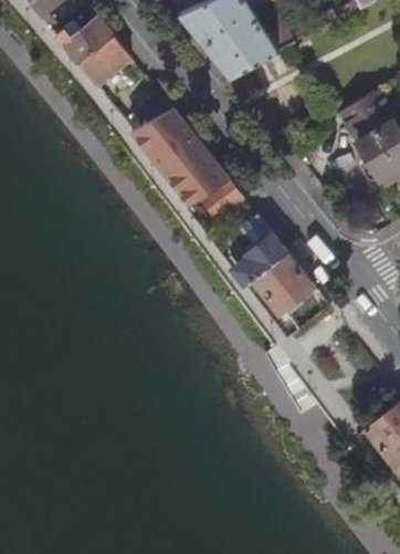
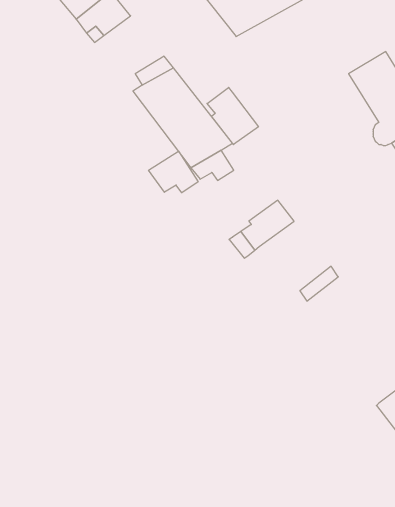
building: none -> [207,87,258,145]
building: none -> [149,151,198,193]
building: [253,254,314,314] -> none

